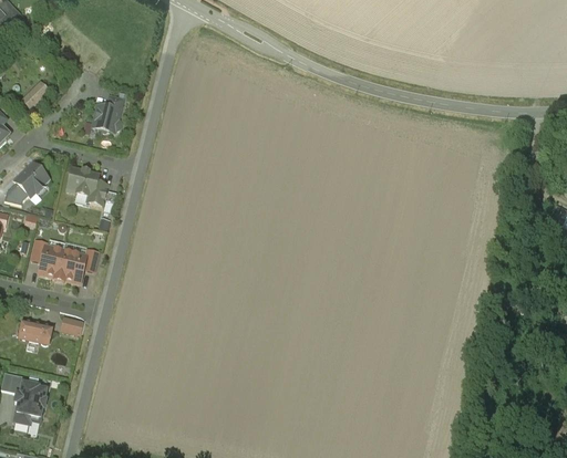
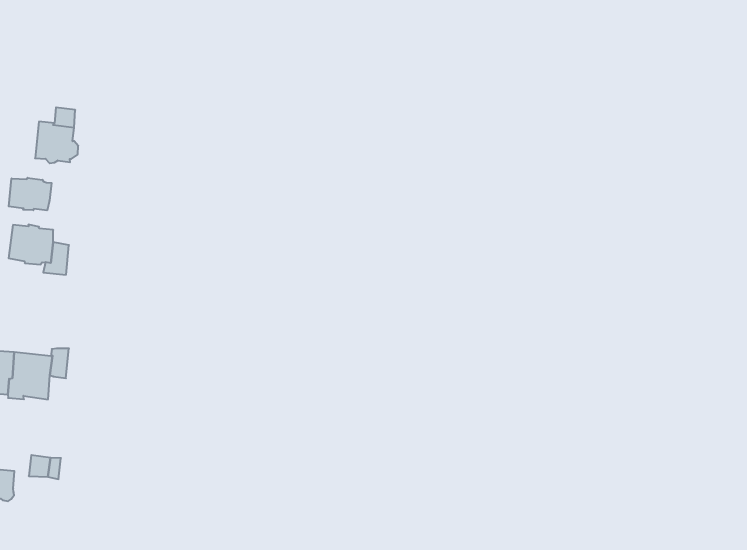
building: none -> [9,178,52,210]

